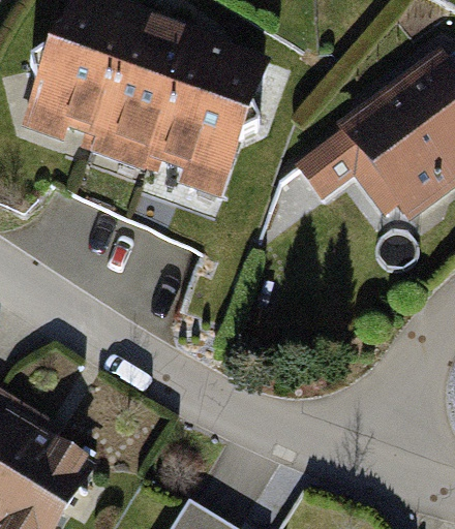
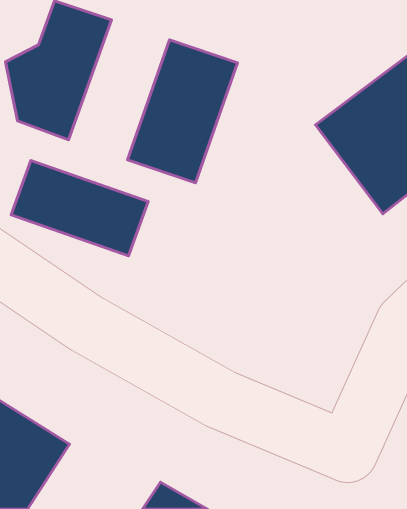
building: [87,23,191,167] -> none
building: none -> [11,160,148,256]

